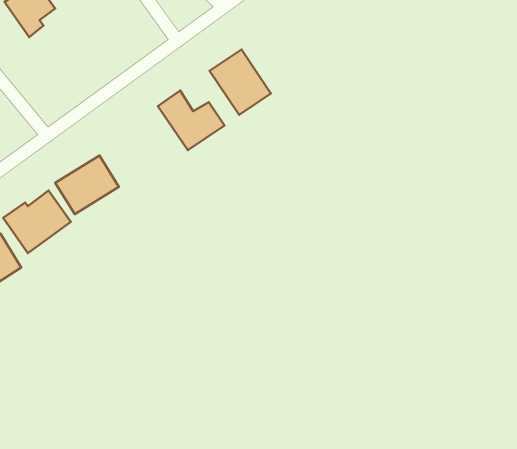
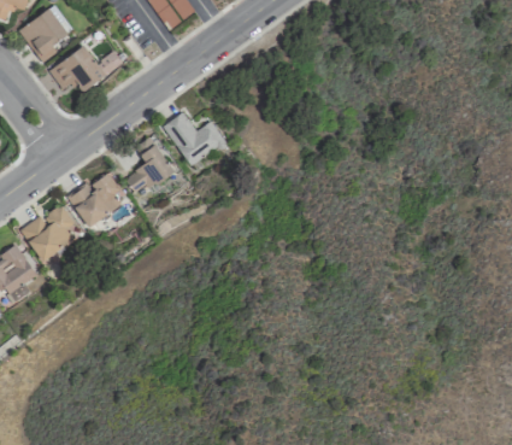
building: none -> [49,45,118,92]
building: [209,50,271,115] -> none
building: none -> [125,136,172,194]

